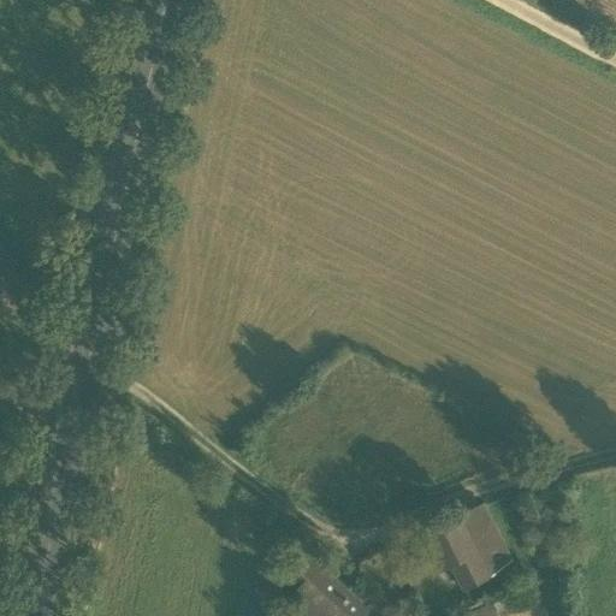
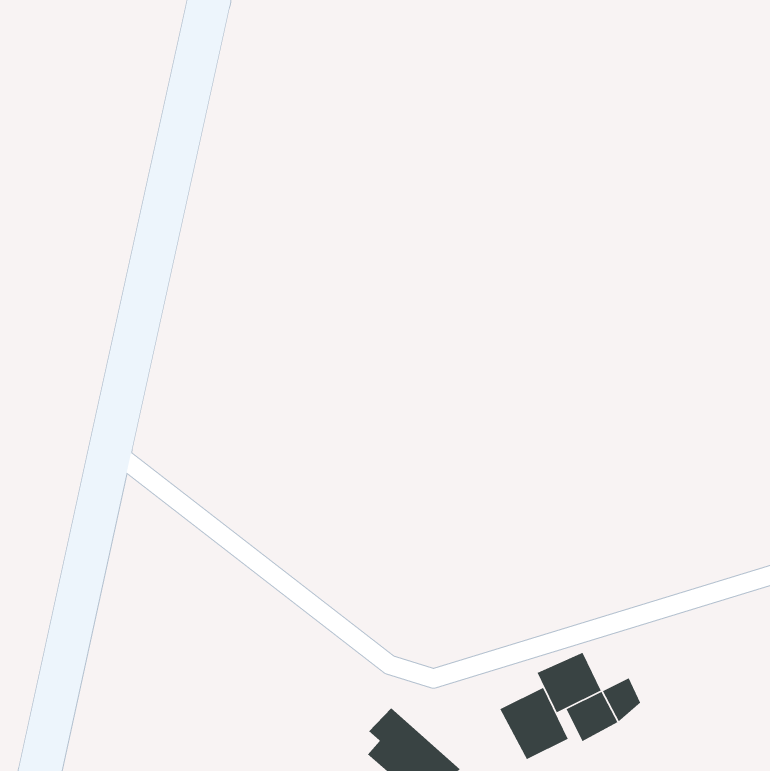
building: [467,510,504,551] -> none
building: none -> [499,687,569,761]

